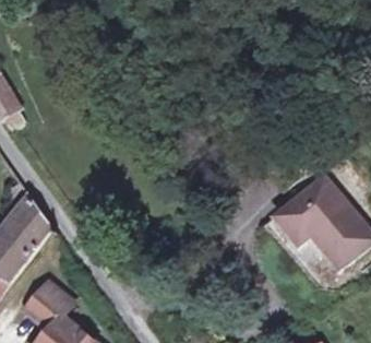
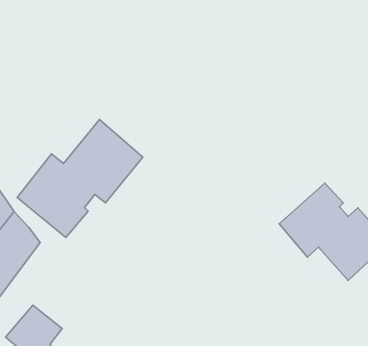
building: none -> [17,119,143,237]

